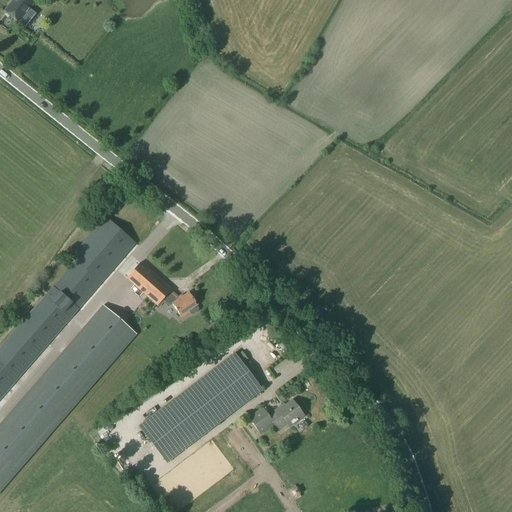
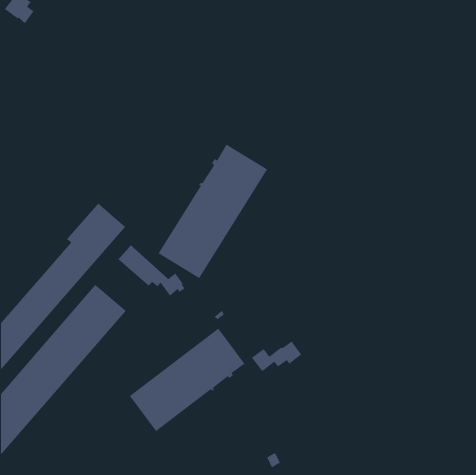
building: none -> [157,144,268,279]
building: [249,399,304,433] -> [251,341,302,372]

